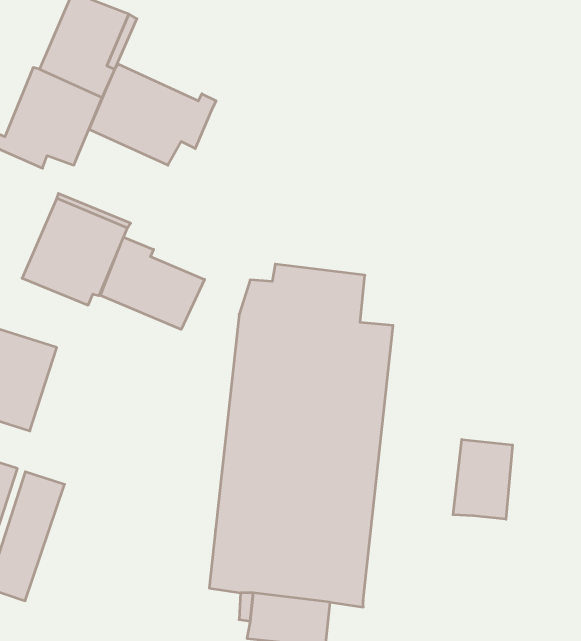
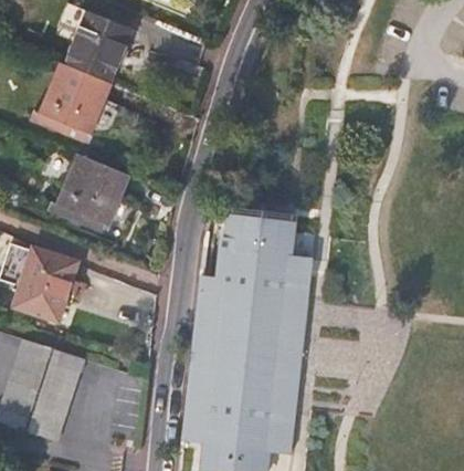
building: [89,64,216,165] -> none
building: [100,237,205,329] -> none
building: [453,439,513,519] -> none

